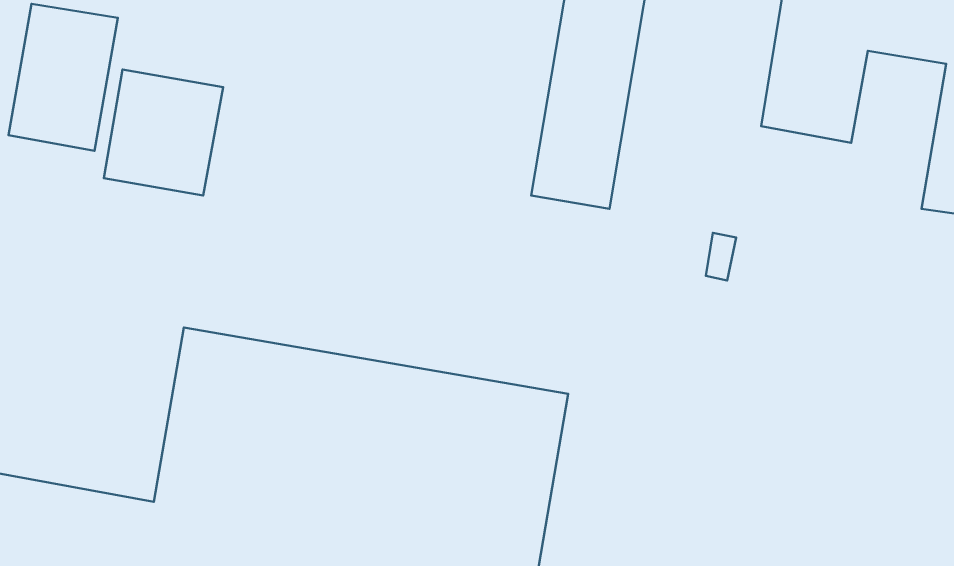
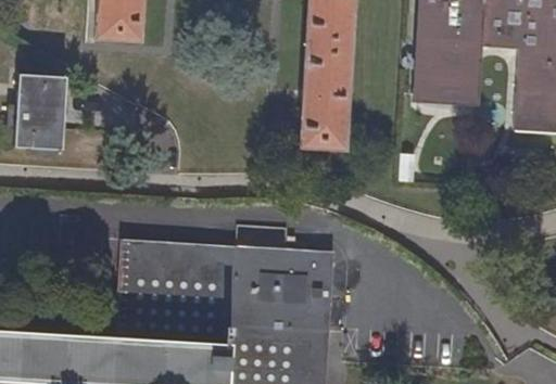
building: [104,69,223,196] -> none

